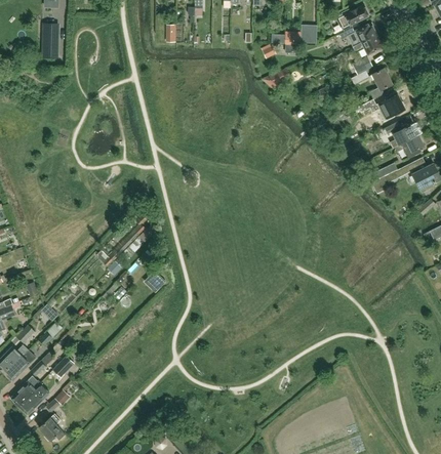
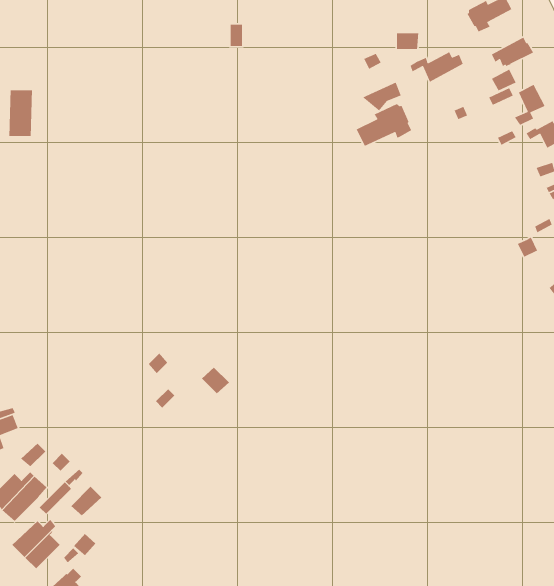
building: [42,25,59,58] -> [9,90,33,137]
building: [338,25,377,47] -> [409,51,464,83]
building: none -> [356,103,412,147]

